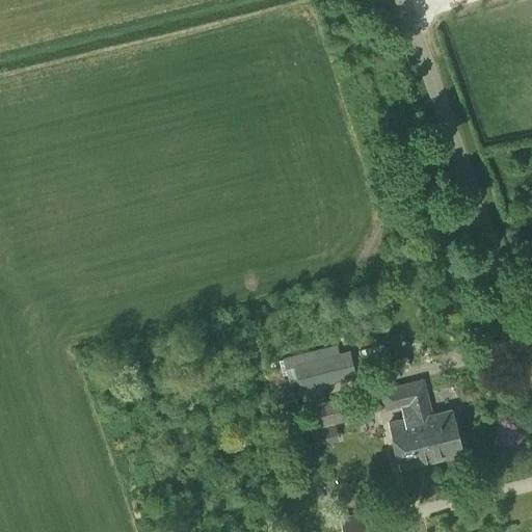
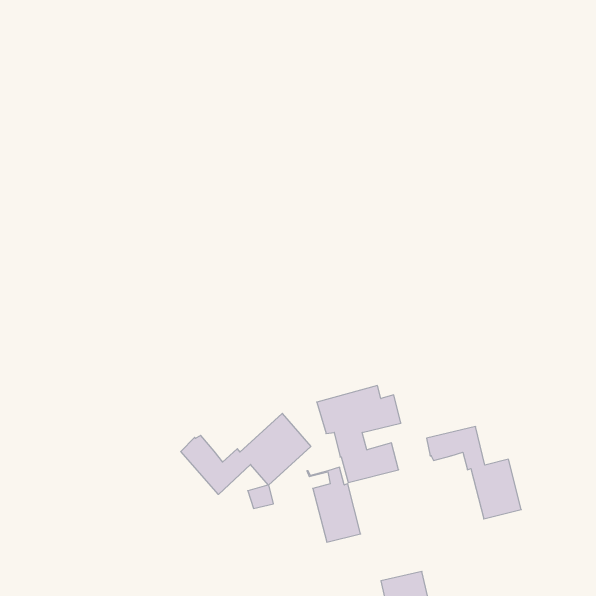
building: none -> [181,413,311,494]
building: [383,403,431,470] -> [307,467,361,542]

